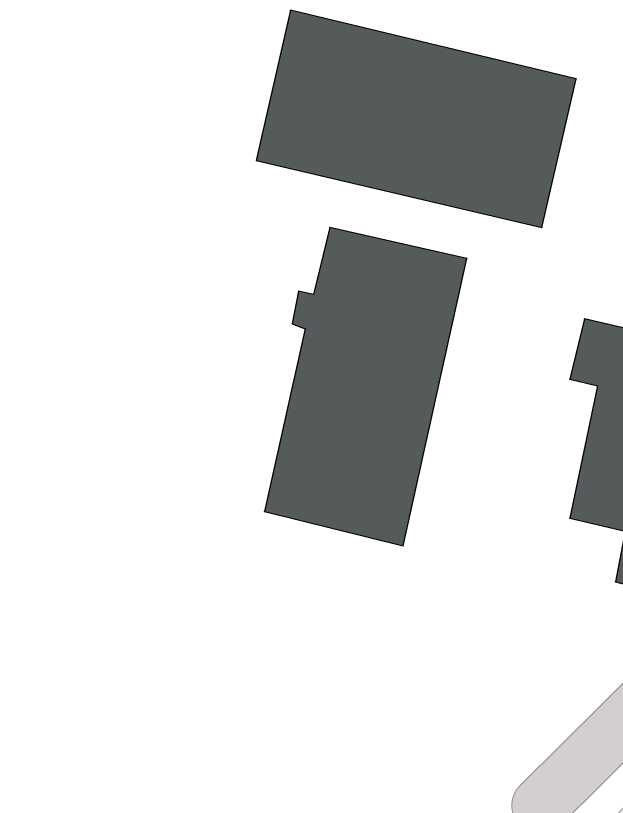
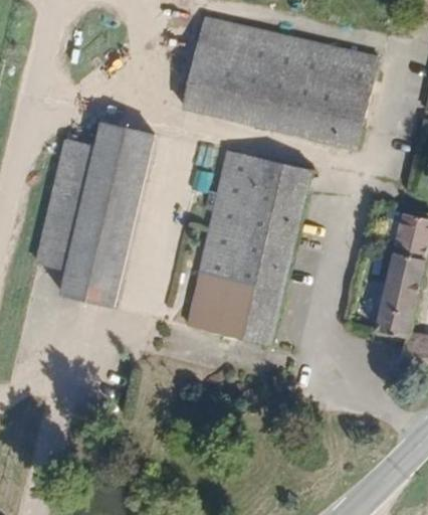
building: none -> [34,124,153,308]

